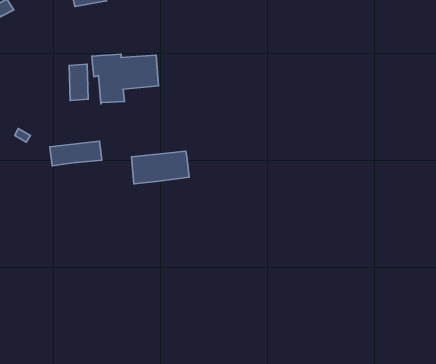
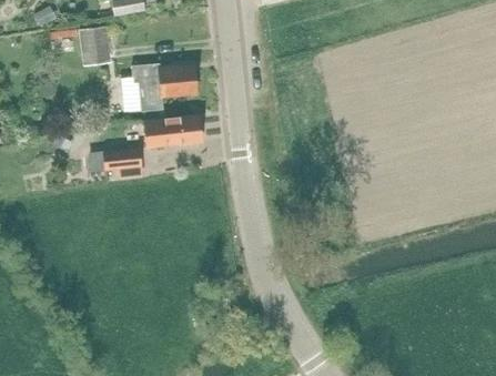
building: none -> [81,26,108,63]
building: [131,151,189,184] -> [145,115,202,148]

